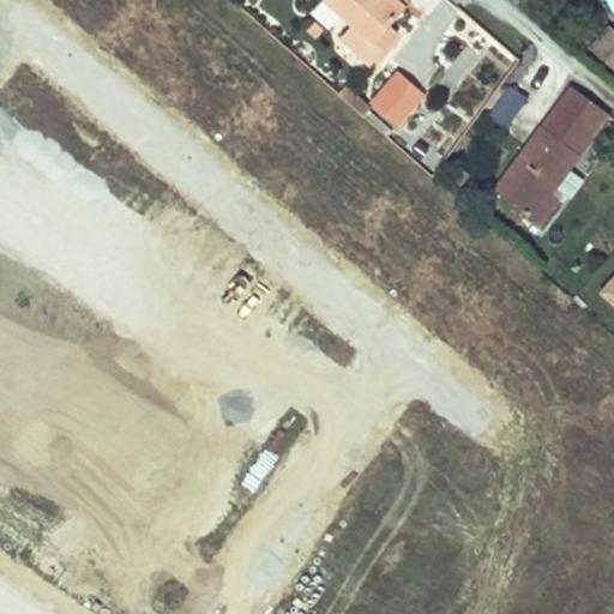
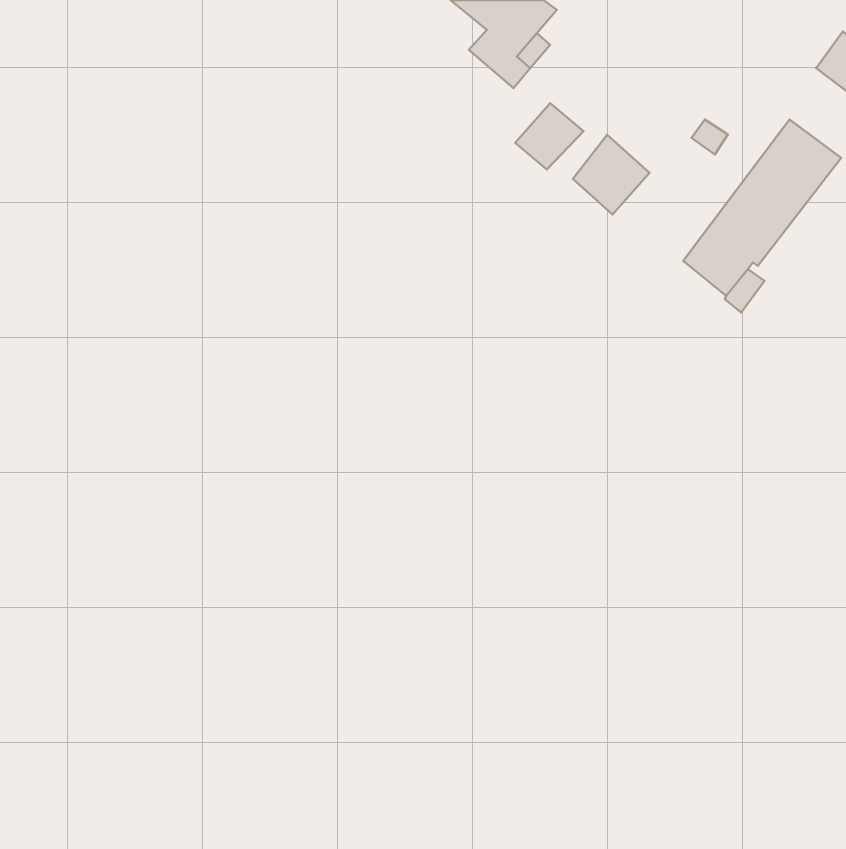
building: none -> [573,135,649,215]

